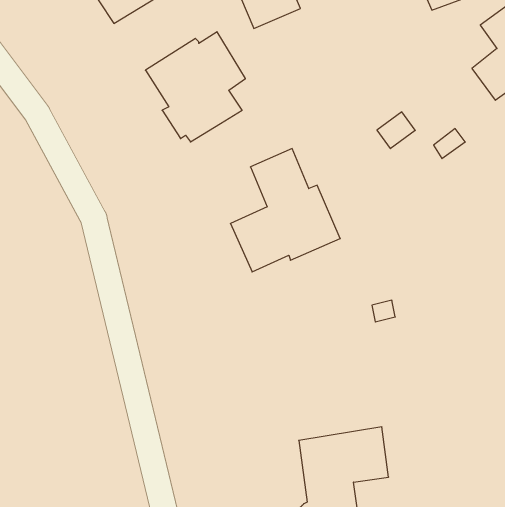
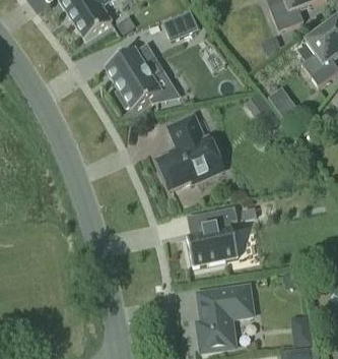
building: none -> [187,204,239,264]

